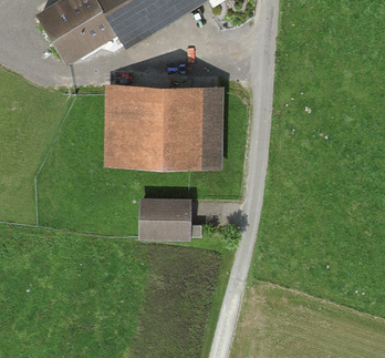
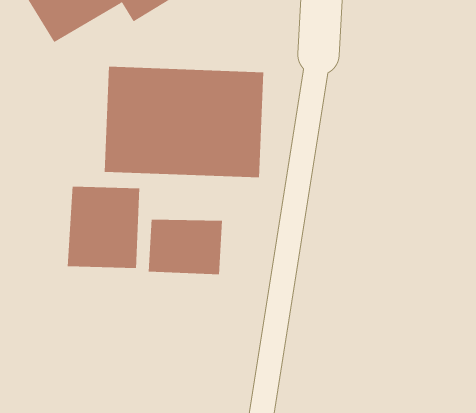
building: none -> [67,186,140,269]

